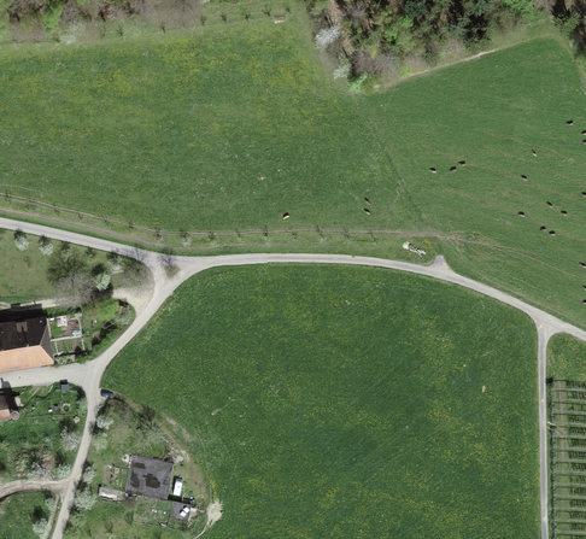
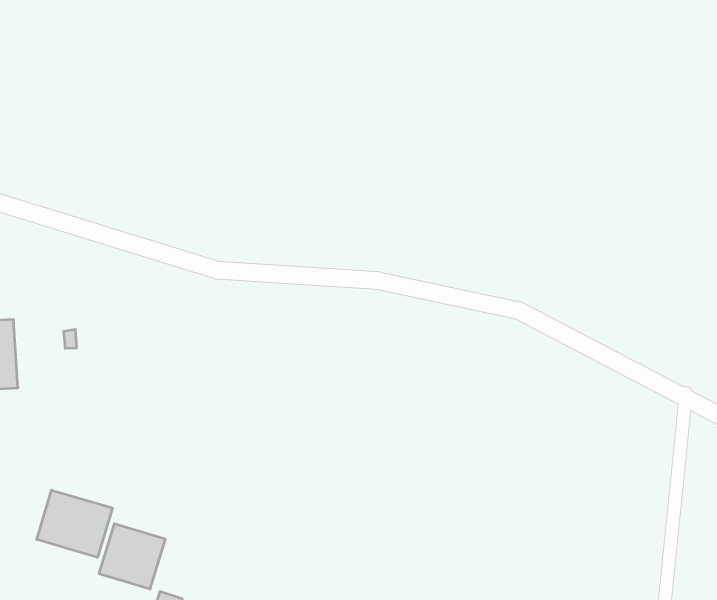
building: none -> [37,490,112,557]

